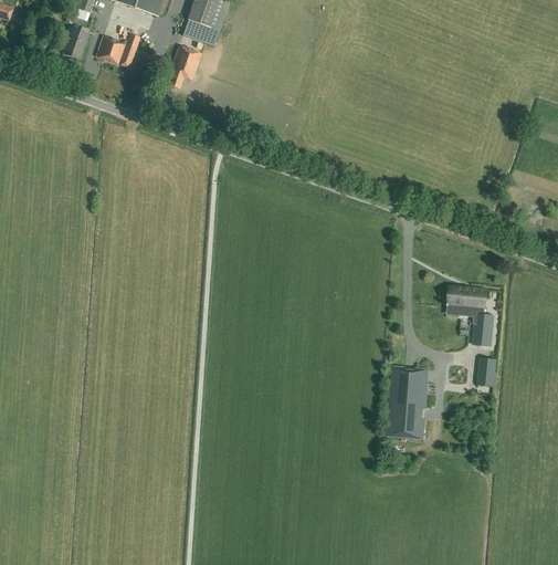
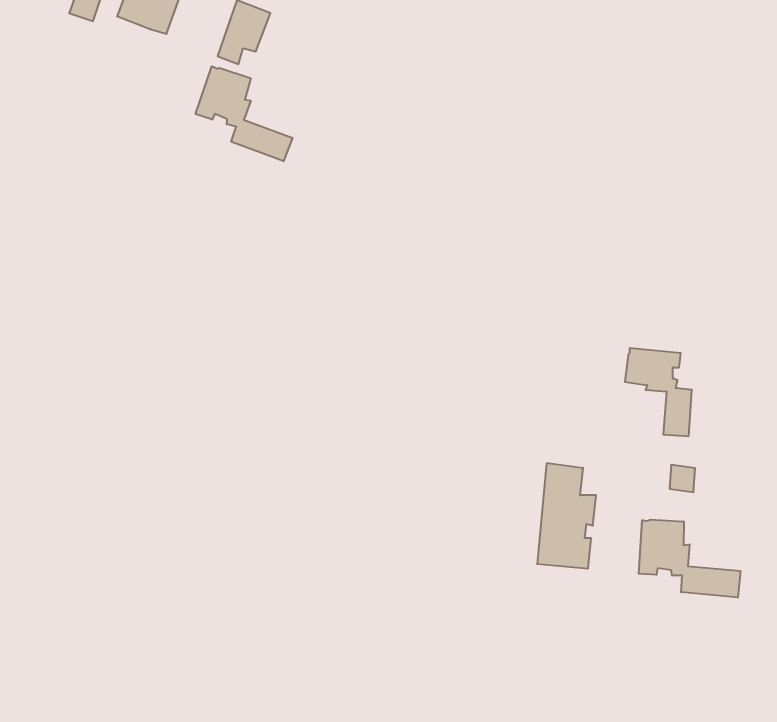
building: none -> [196,66,292,161]
building: none -> [639,520,740,598]

